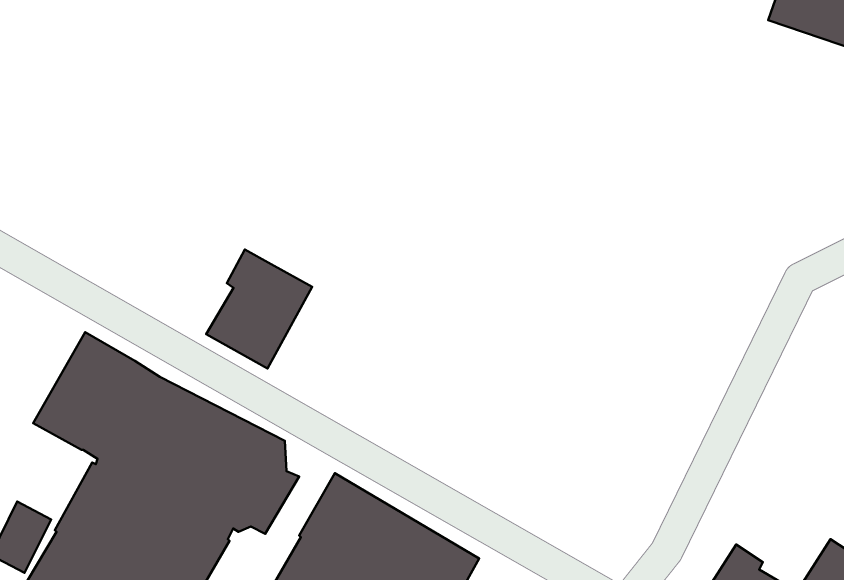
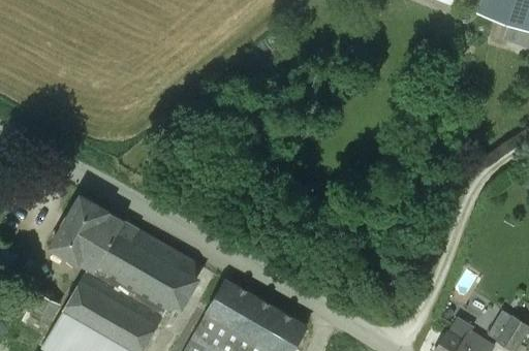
building: [206,250,312,369] -> none

